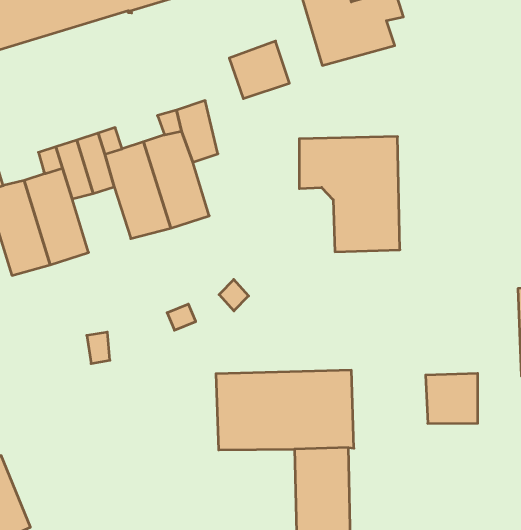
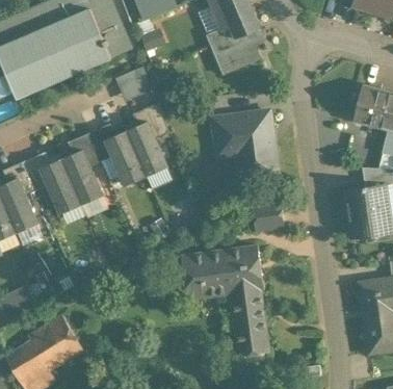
building: [229,41,289,99] -> [116,67,152,101]
building: [426,373,478,423] -> [252,200,284,231]

